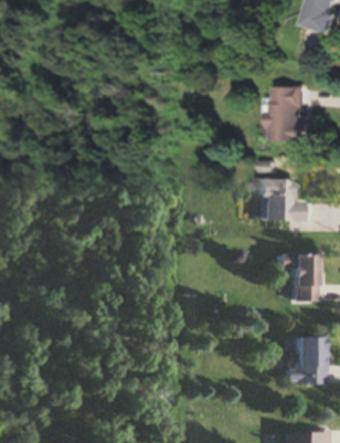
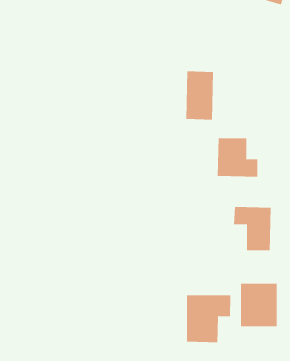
building: [269,85,300,139] -> [186,71,214,120]
building: none -> [186,295,231,343]

